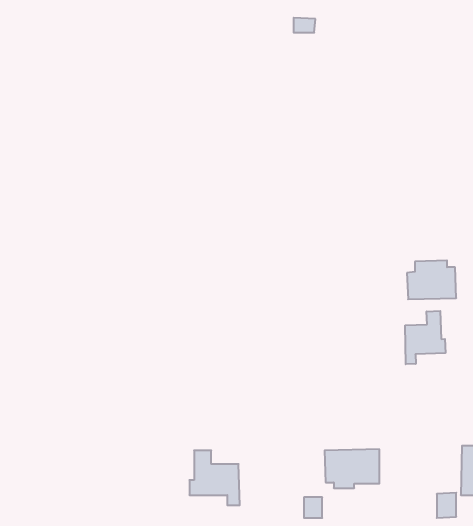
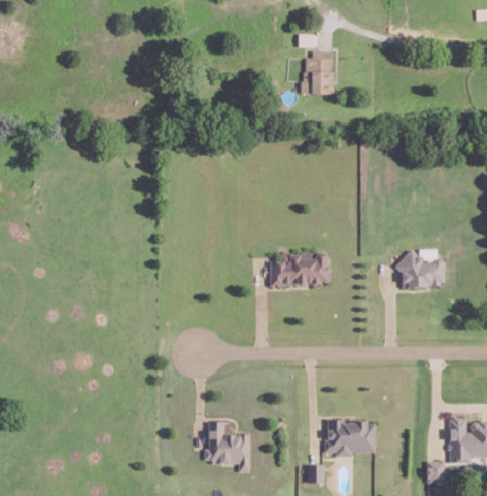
building: none -> [303,51,332,95]
building: none -> [269,253,327,285]
building: [405,311,445,364] -> none

